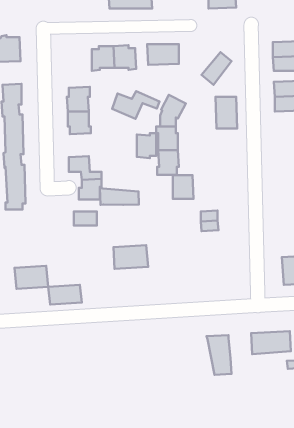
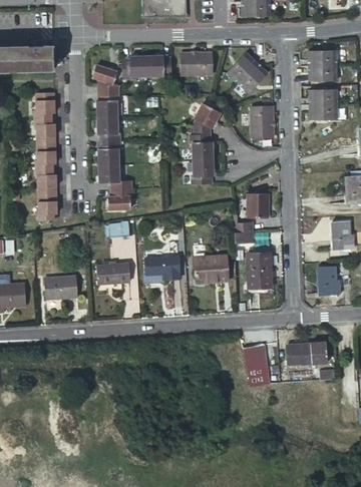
building: none -> [230,51,255,83]
building: none -> [94,68,122,96]
building: [112,91,159,119] -> none
building: none -> [100,142,123,166]
building: [137,133,156,158] -> none
building: [173,175,194,199] -> [248,192,269,216]
building: [100,188,139,205] -> none
building: none -> [250,251,272,287]
building: none -> [196,256,231,282]
building: [48,285,82,305] -> [97,263,131,283]

